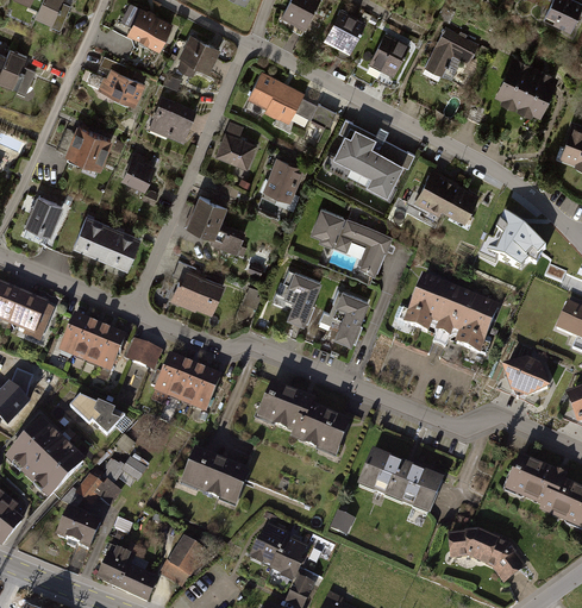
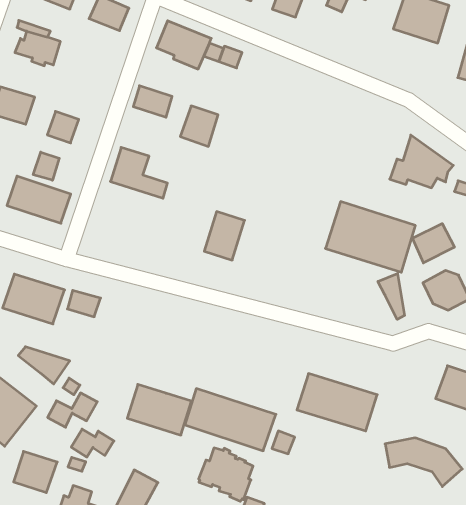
building: [148,92,195,138] -> none
building: [331,117,414,194] -> none
building: [405,165,477,227] -> none
building: none -> [33,152,59,180]
building: [312,203,393,268] -> none
building: [171,265,226,316] -> none
building: [325,293,370,343] -> none
building: none -> [413,224,454,263]
building: none -> [378,273,405,319]
building: [155,357,221,414] -> none
building: [255,387,351,458] -> [185,389,276,451]
building: [75,475,120,504] -> [71,429,114,457]

